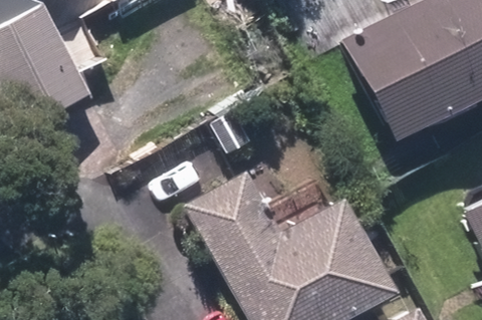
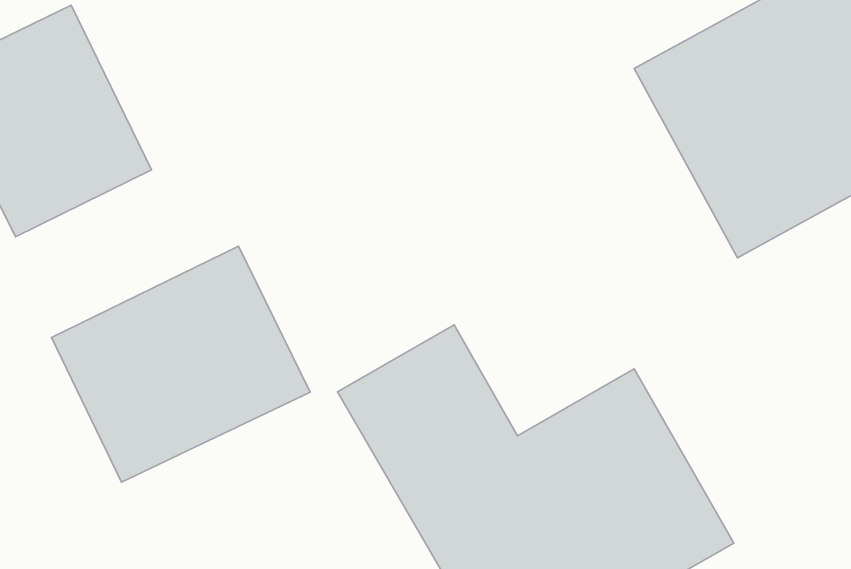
building: none -> [52,246,310,482]

